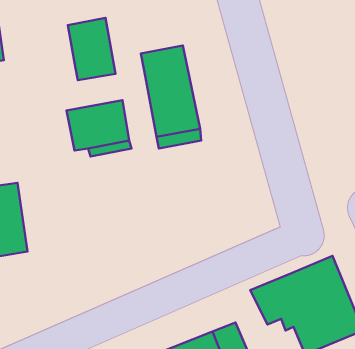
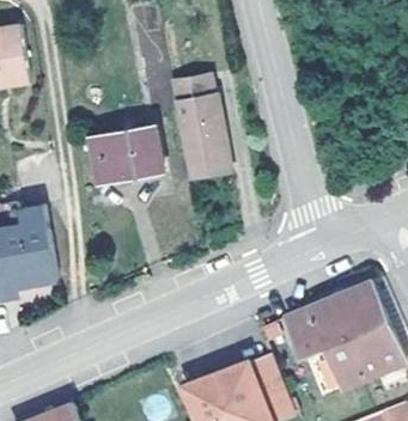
building: [68,18,116,80] -> none

